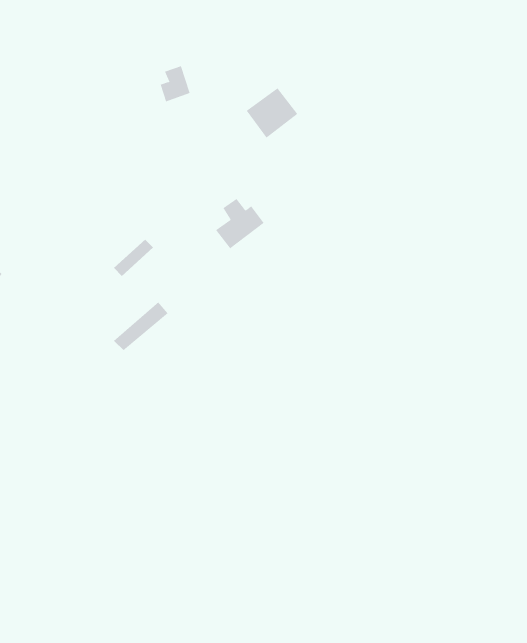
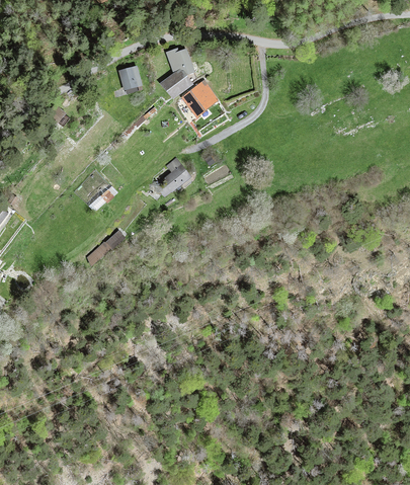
building: none -> [159,48,195,98]

